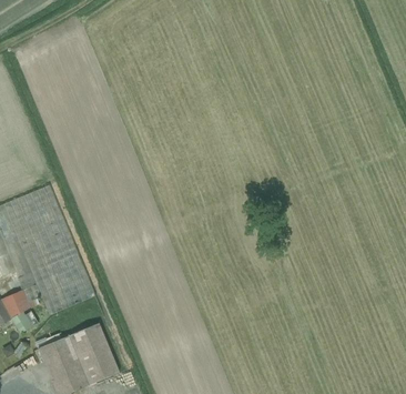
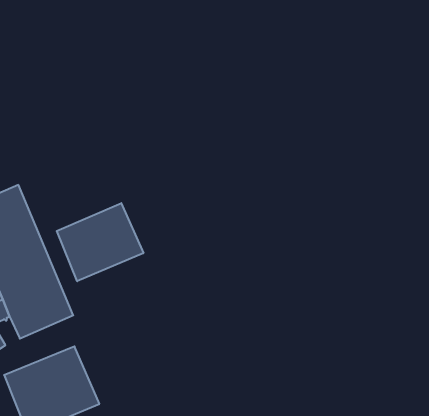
building: none -> [57,203,143,281]

